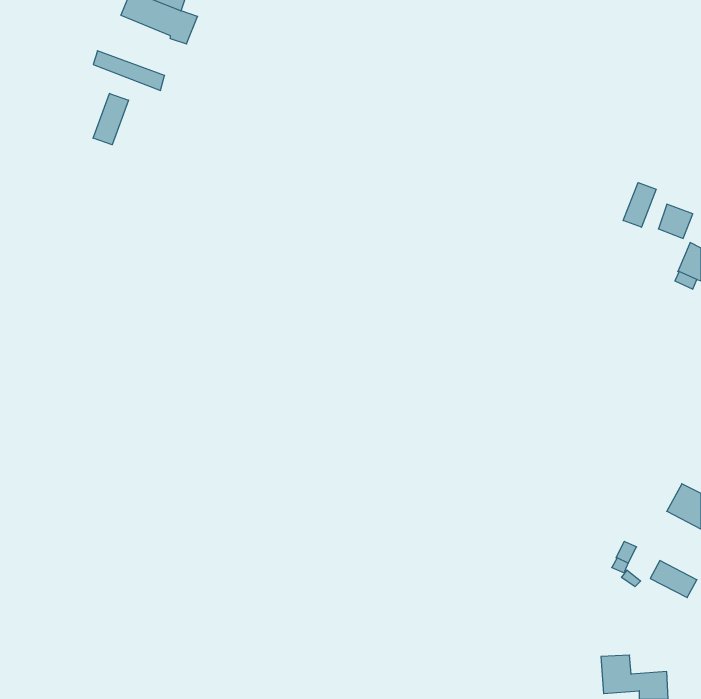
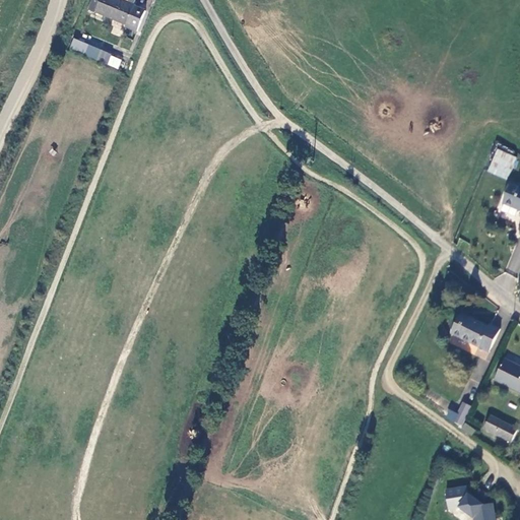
building: [93,93,129,145] -> none
building: [623,183,656,227] -> none
building: none -> [451,314,500,353]

